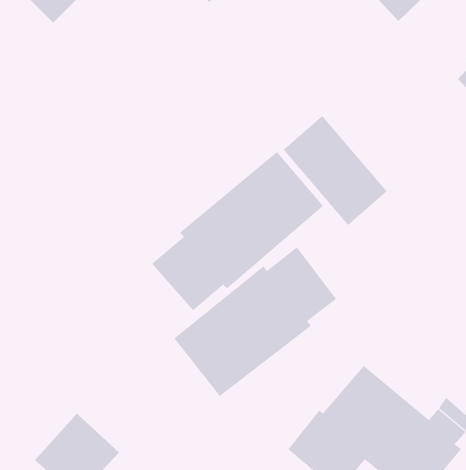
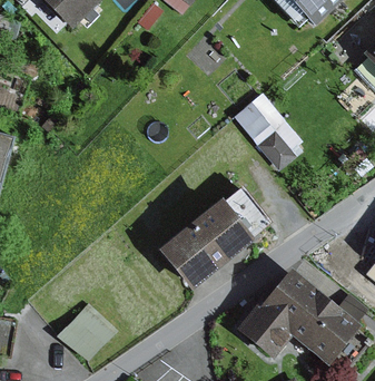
building: [151,151,324,311] -> none

